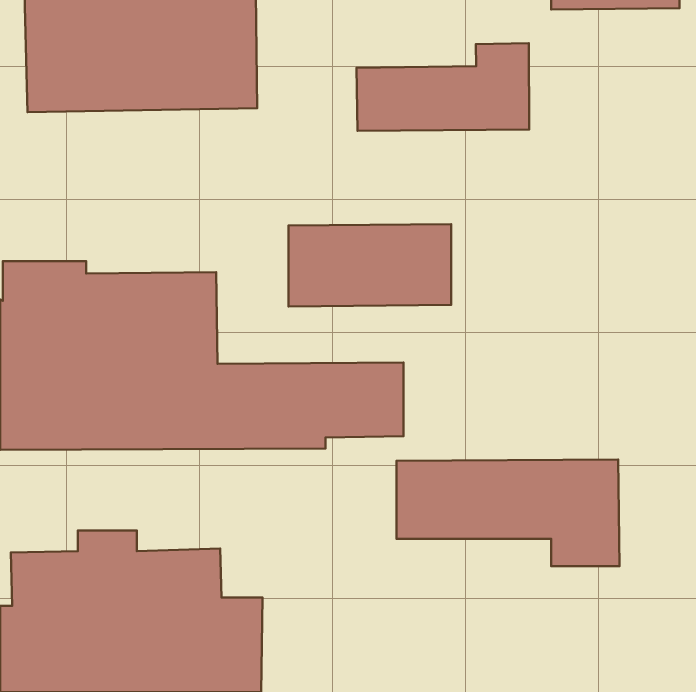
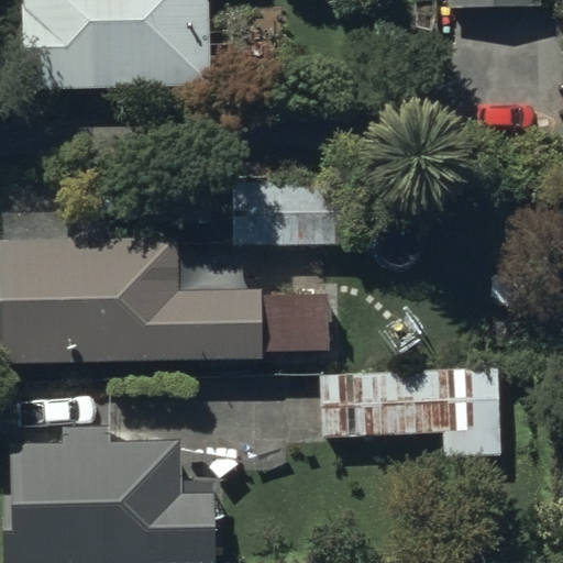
building: [356,43,529,131] -> none

